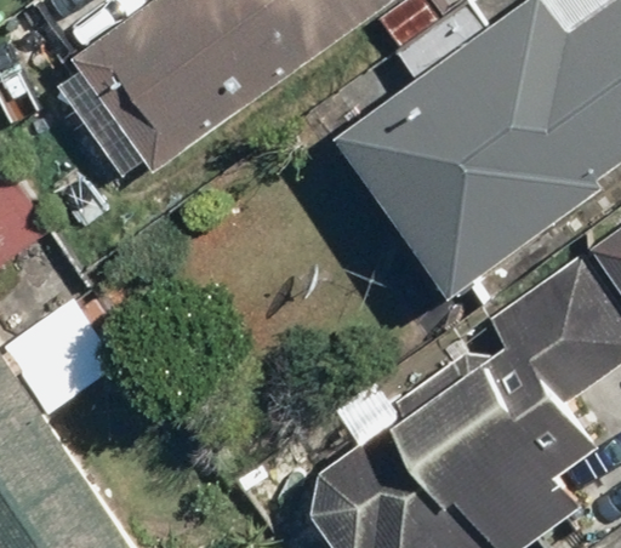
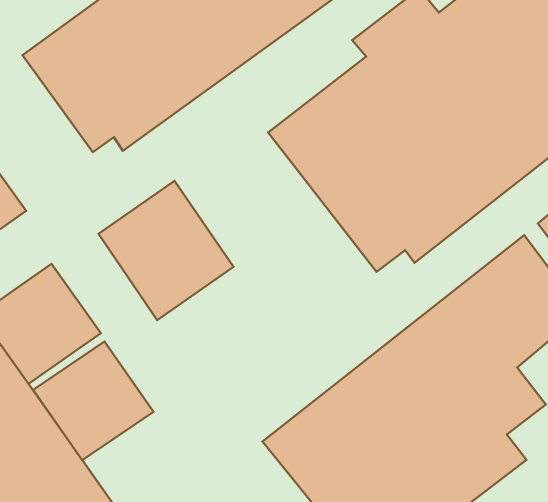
building: none -> [98,181,233,320]
building: none -> [33,341,153,460]

